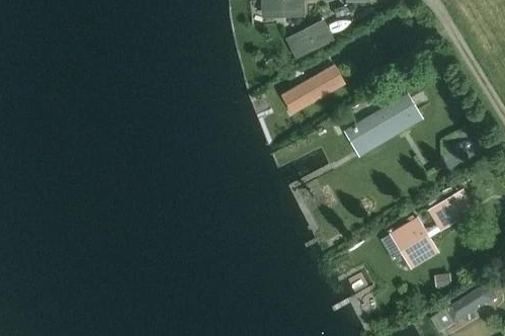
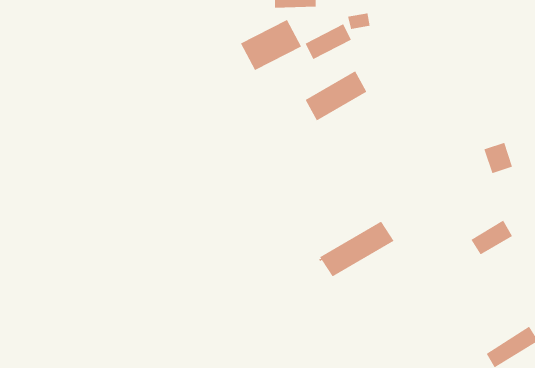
building: none -> [240,19,302,71]
building: [352,96,418,145] -> [318,221,394,277]
building: [394,218,425,263] -> none

